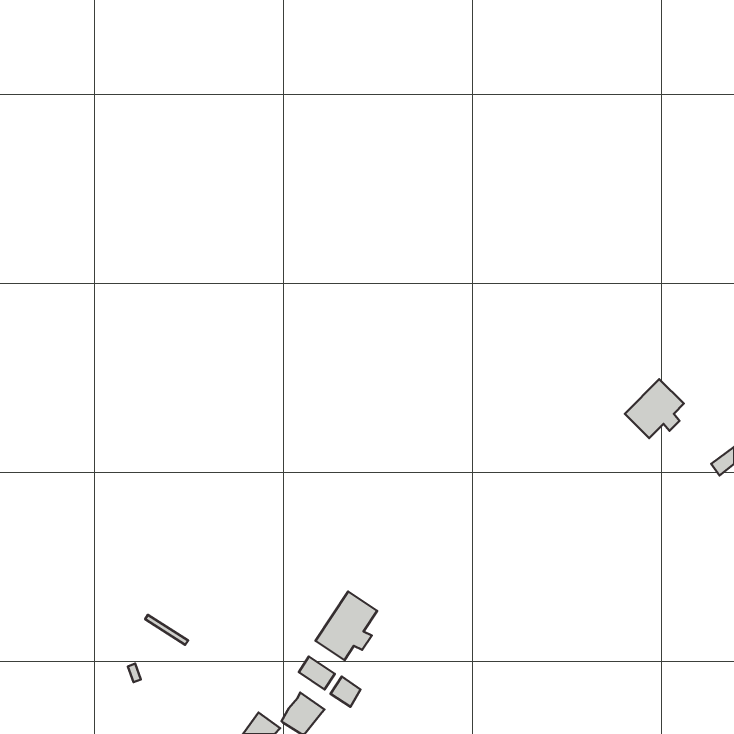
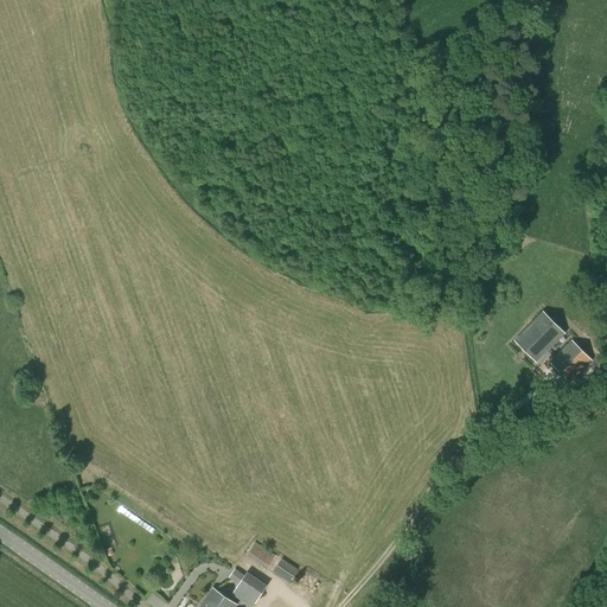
building: none -> [550,341,593,383]
building: [315,592,377,660] -> none

